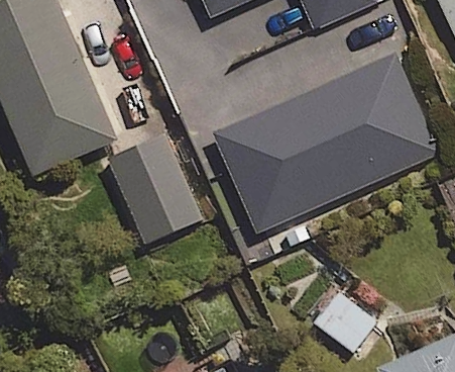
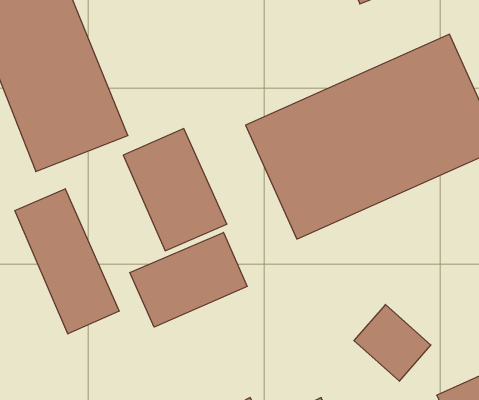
building: none -> [15,189,119,334]
building: none -> [130,232,247,327]

